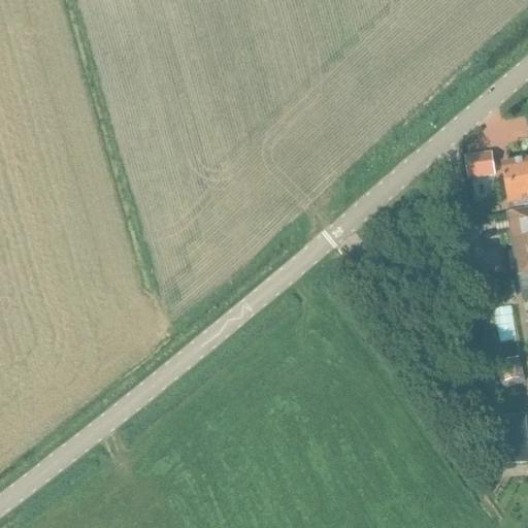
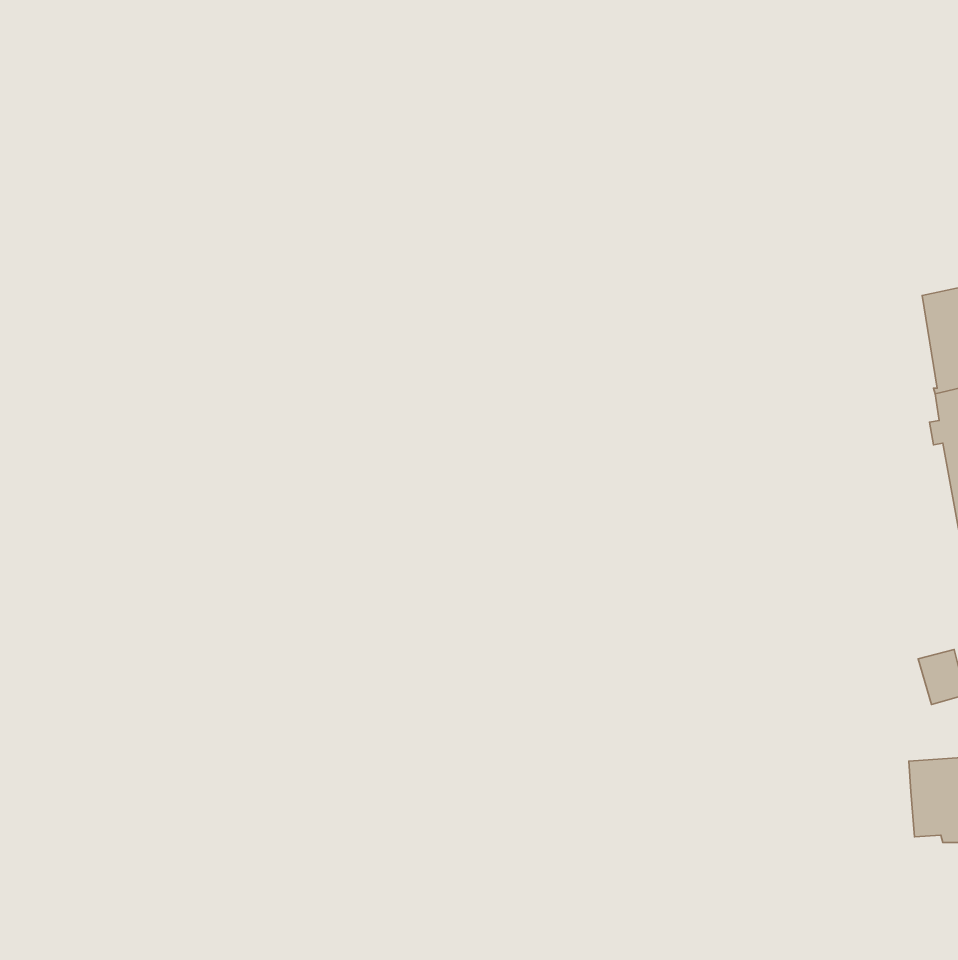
building: [466,155,496,180] -> none

